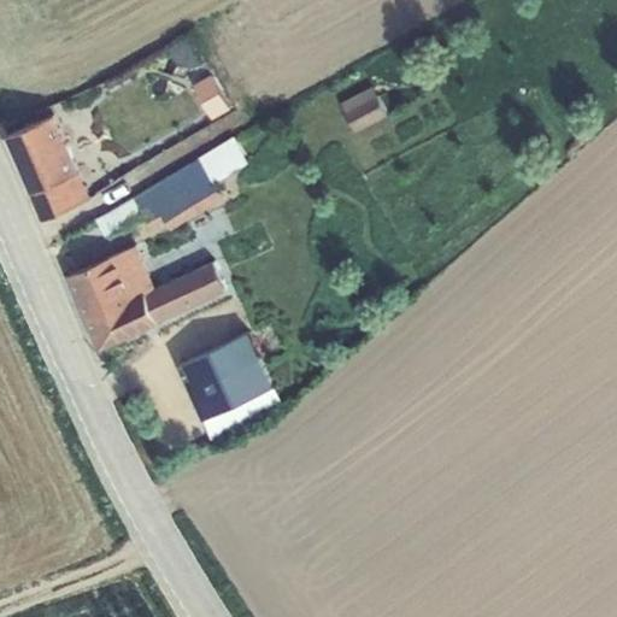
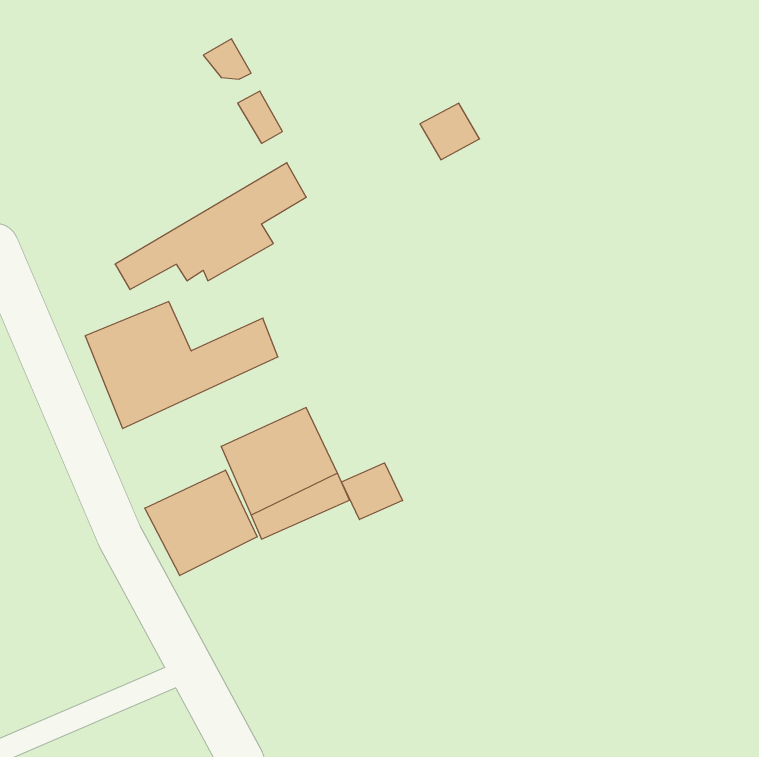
building: [5,116,88,221] -> none
building: none -> [342,463,403,520]
building: none -> [145,470,257,576]

